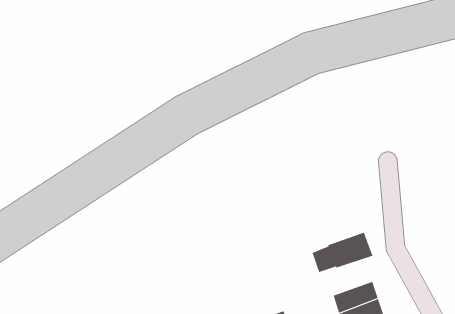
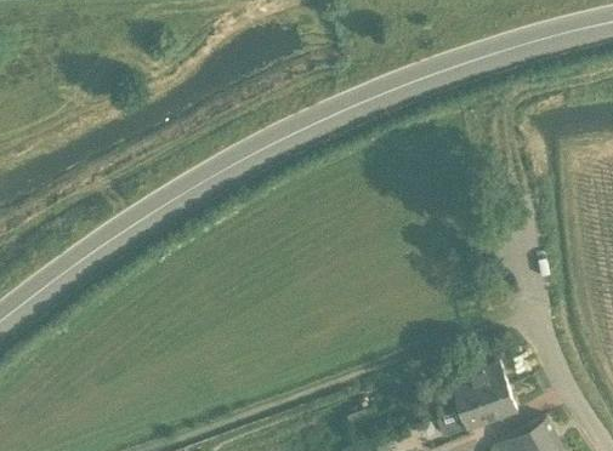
building: [312,232,373,273] -> none

